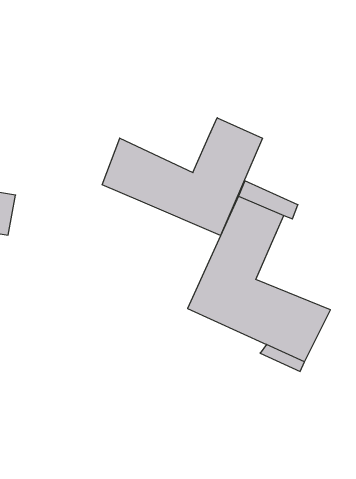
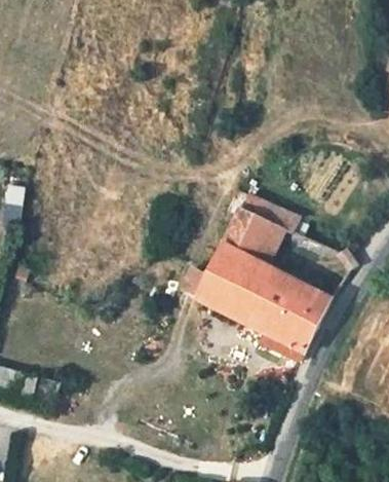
building: [102,118,263,236] -> none

